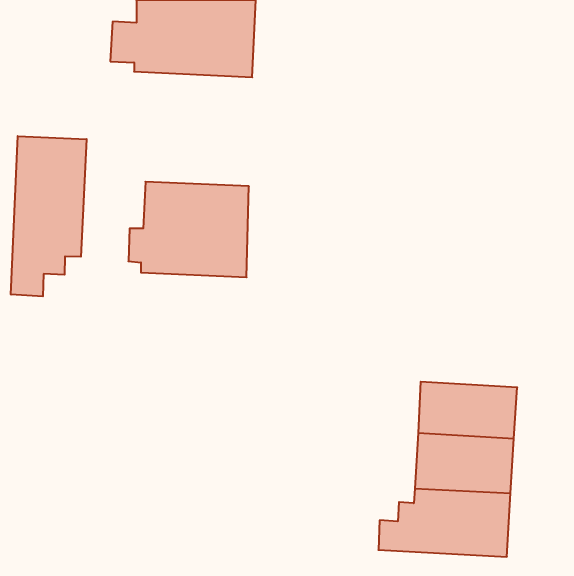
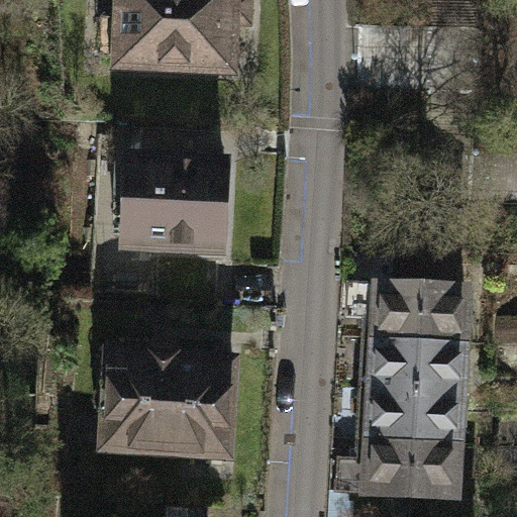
building: [11,136,87,296] -> none
building: none -> [349,286,469,348]
building: none -> [98,354,238,460]

